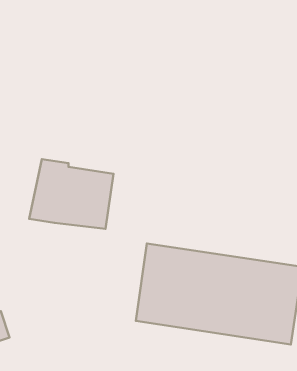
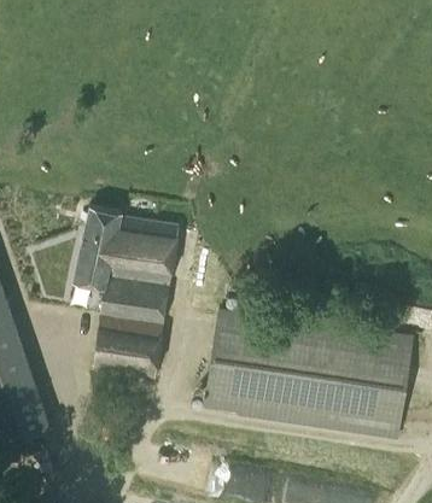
building: none -> [93,287,169,380]

